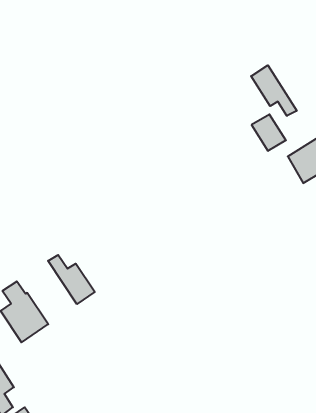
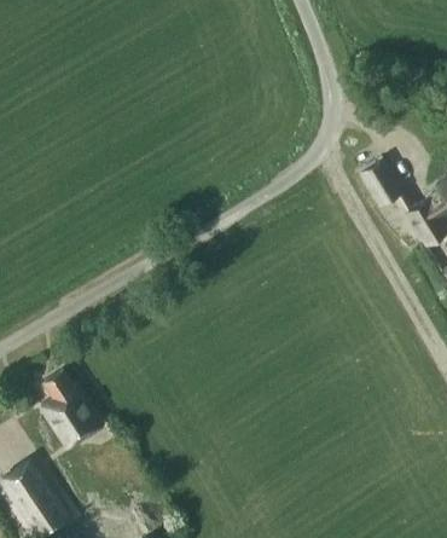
building: [251,65,297,116] -> none
building: [48,255,95,304] -> none

